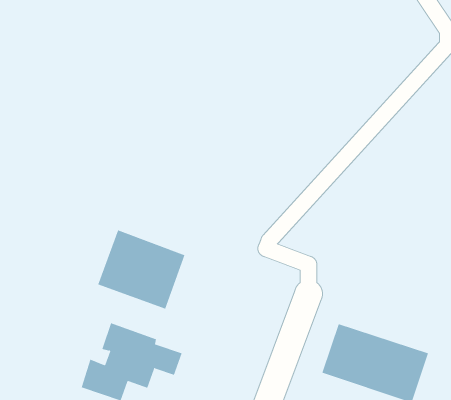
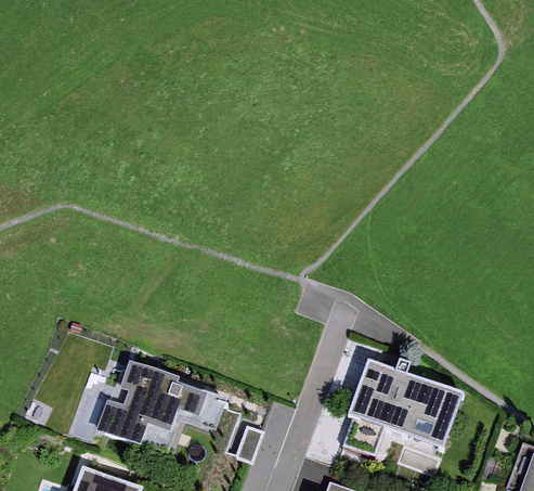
building: [97,229,185,310] -> none

